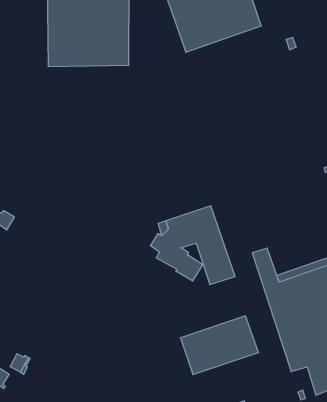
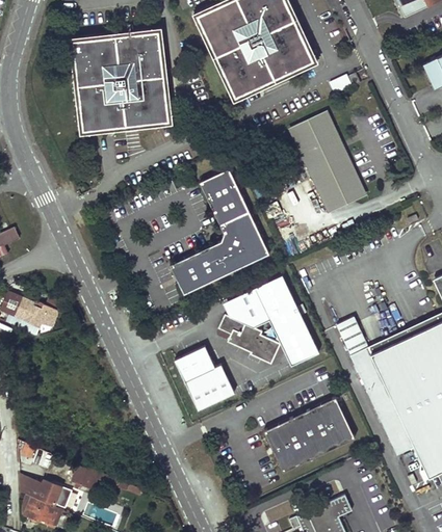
building: none -> [290,114,364,209]
building: none -> [170,169,269,295]
building: none -> [173,346,232,410]

